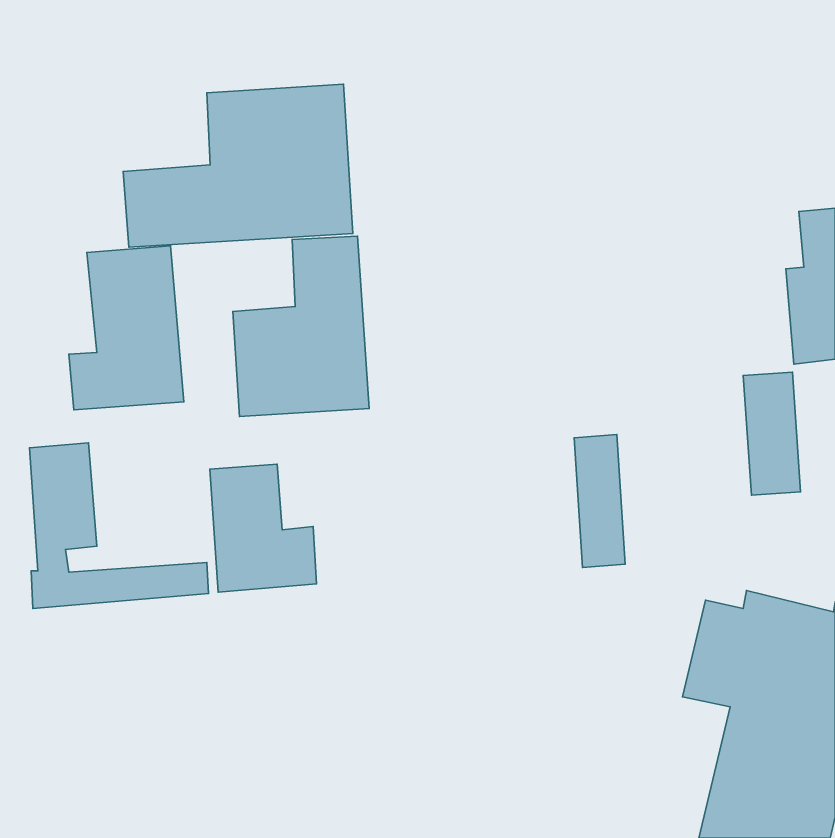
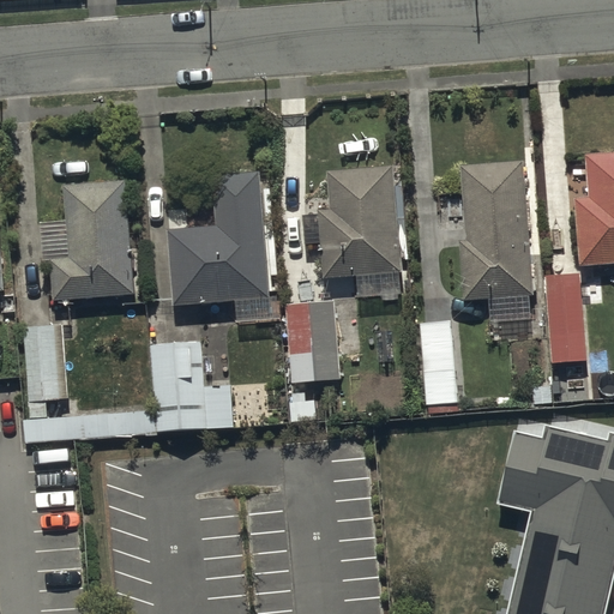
building: [123,84,353,247] -> none
building: none -> [458,159,534,301]
building: none -> [303,164,401,297]
building: none -> [284,301,341,383]

